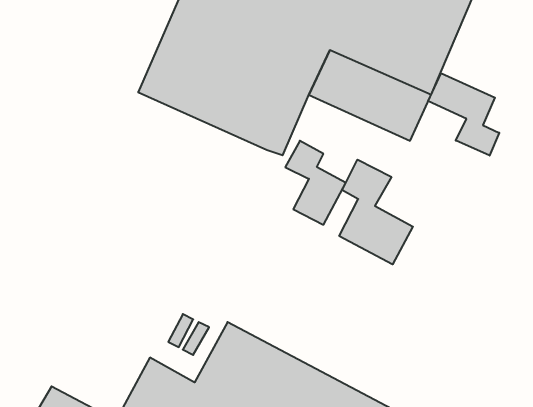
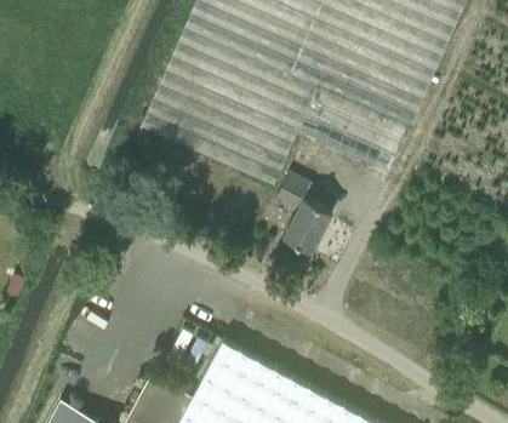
building: [428,73,499,156] -> none
building: [339,160,413,264] -> none

